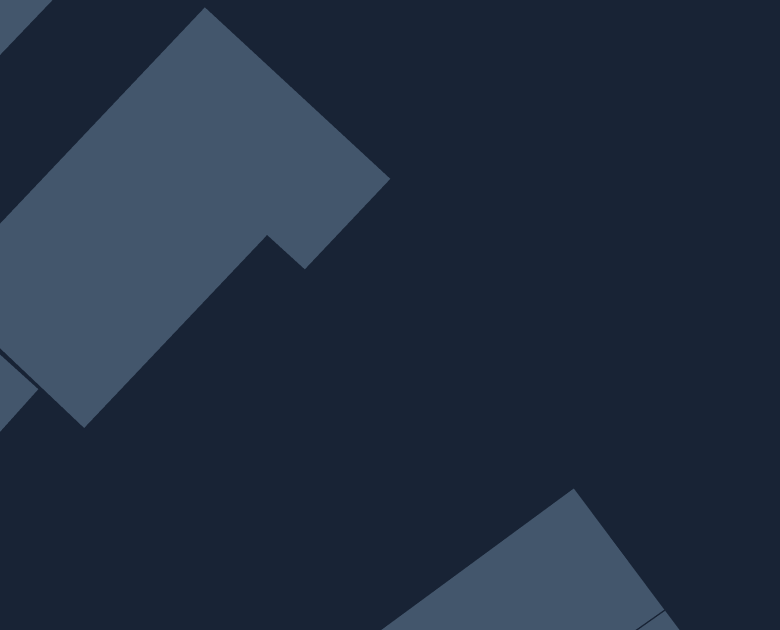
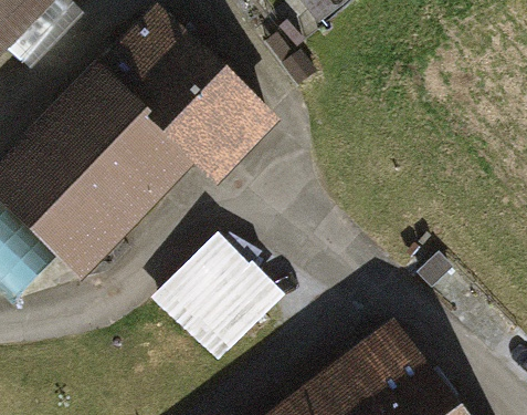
building: none -> [151,230,286,364]

